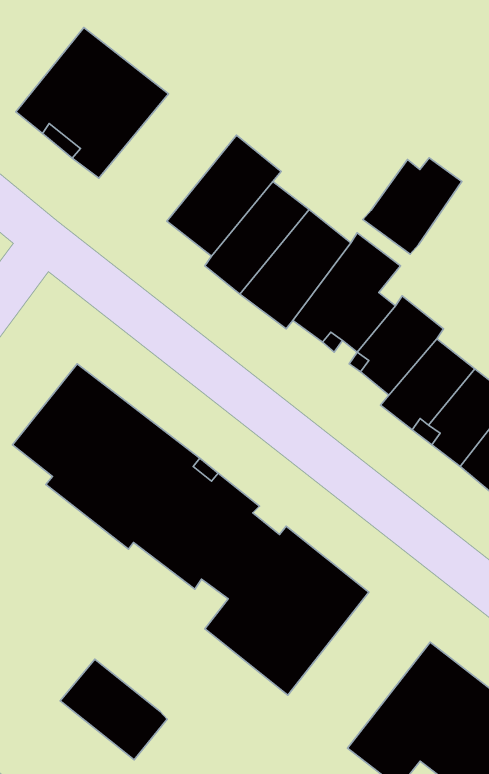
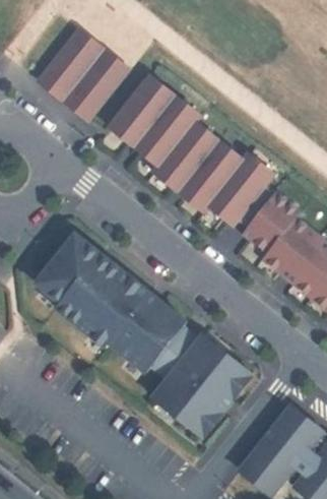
building: none -> [107,75,172,145]
building: [363,158,462,254] -> none
building: [60,659,167,760] -> none

